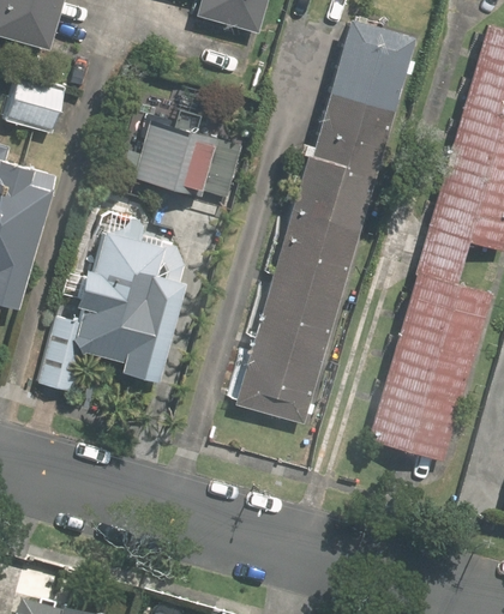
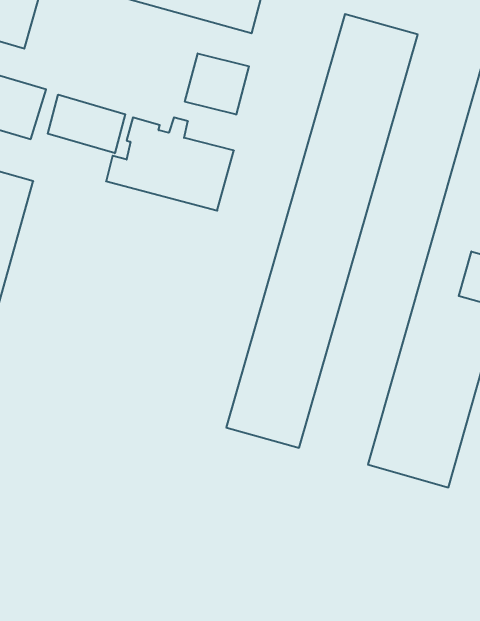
building: none -> [185,53,249,115]
building: none -> [48,95,125,153]
building: [40,217,186,392] -> none

